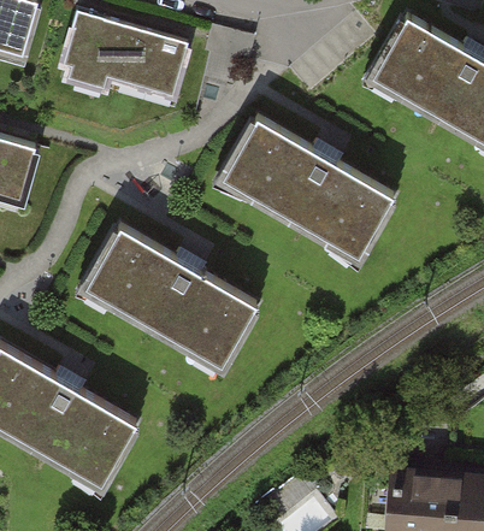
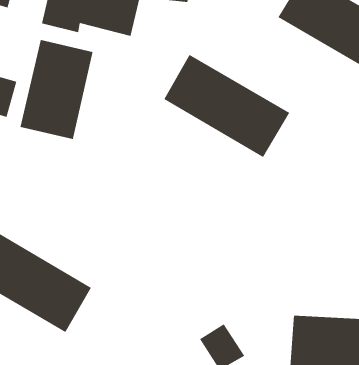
building: none -> [20,39,93,140]
building: [84,230,250,366] -> none

